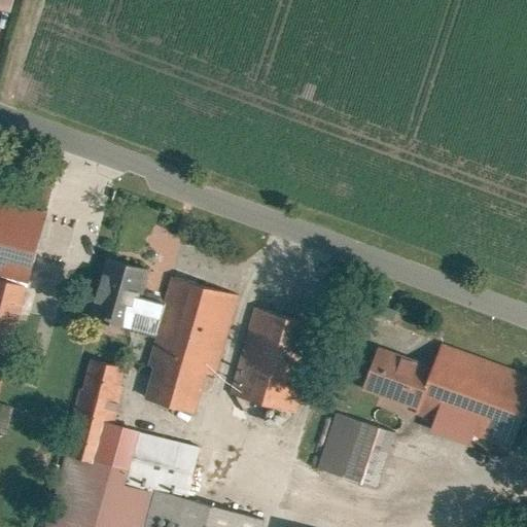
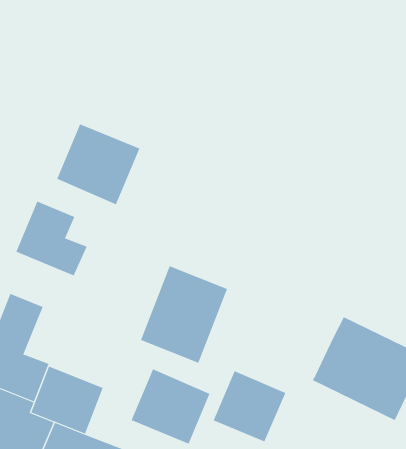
building: none -> [57,123,140,205]
building: [145,280,238,410] -> none
building: [362,348,433,411] -> none
building: none -> [131,369,210,445]

